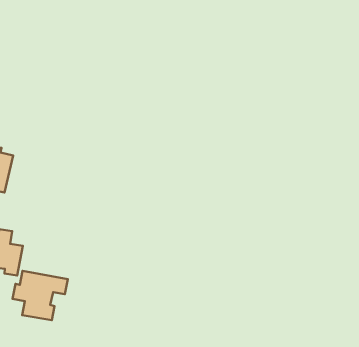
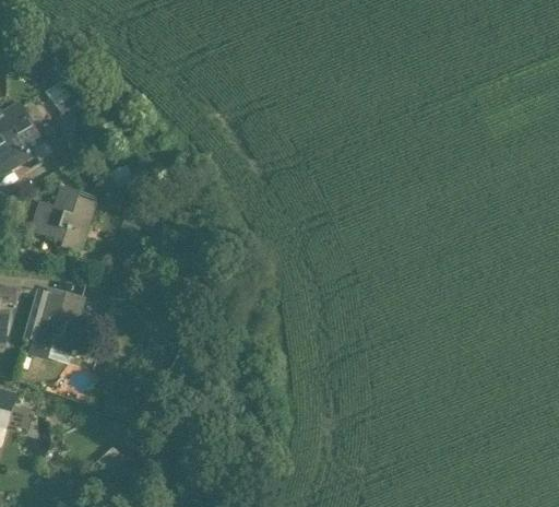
building: [13,271,68,320] -> none

